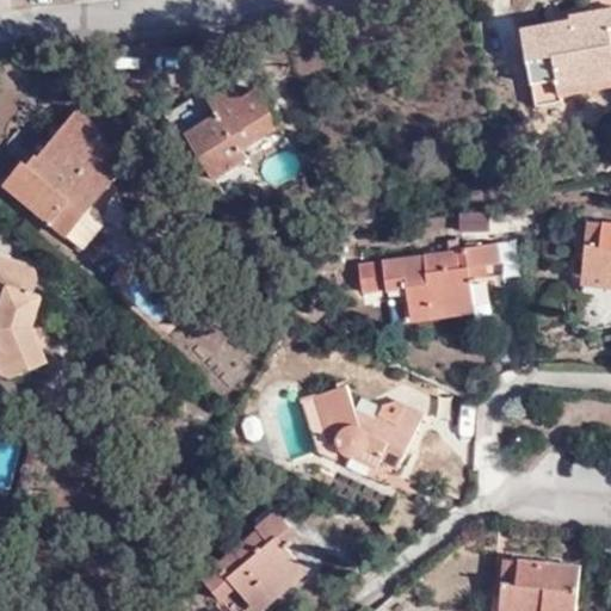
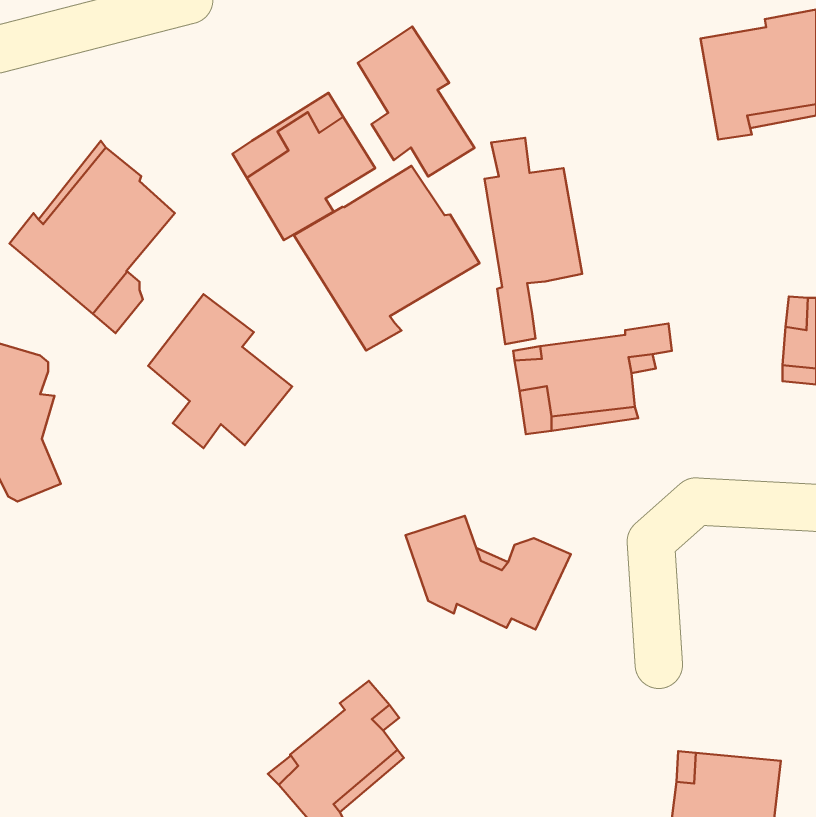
building: none -> [358,26,474,177]
building: none -> [485,138,582,344]
building: none -> [294,166,480,351]
building: none -> [148,294,292,448]

